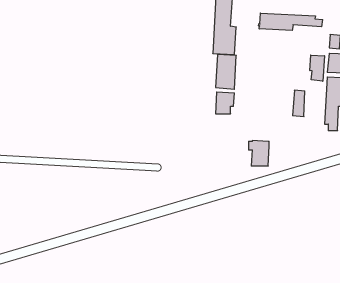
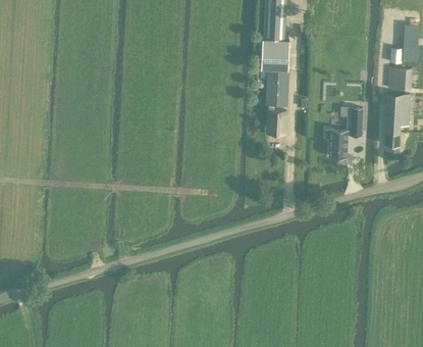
building: [259,13,323,30] -> none
building: [310,55,324,81] -> none
building: [249,141,269,166] -> [324,130,347,157]

